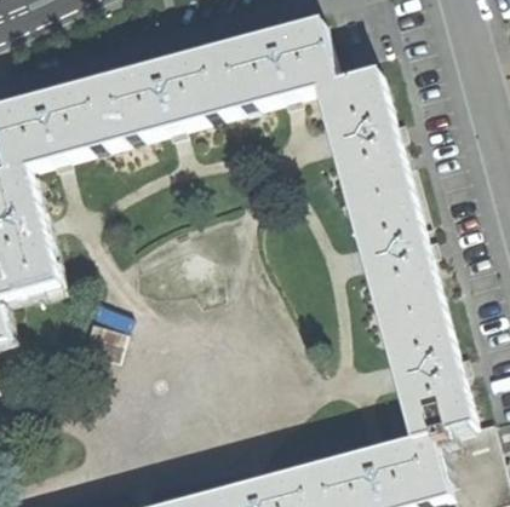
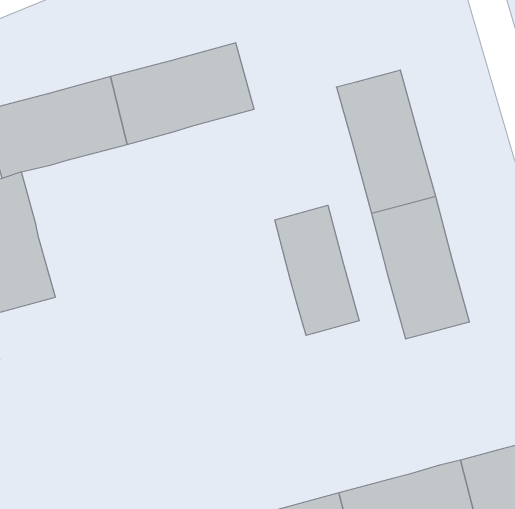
building: [222,17,334,104] -> none
building: none -> [275,205,359,335]
building: [379,301,470,434] -> none

